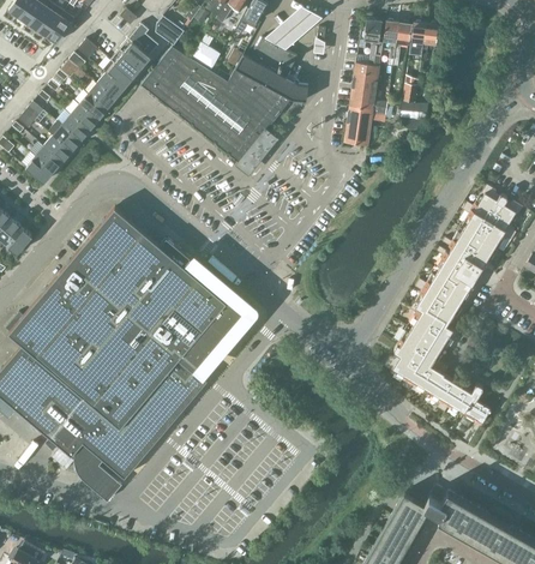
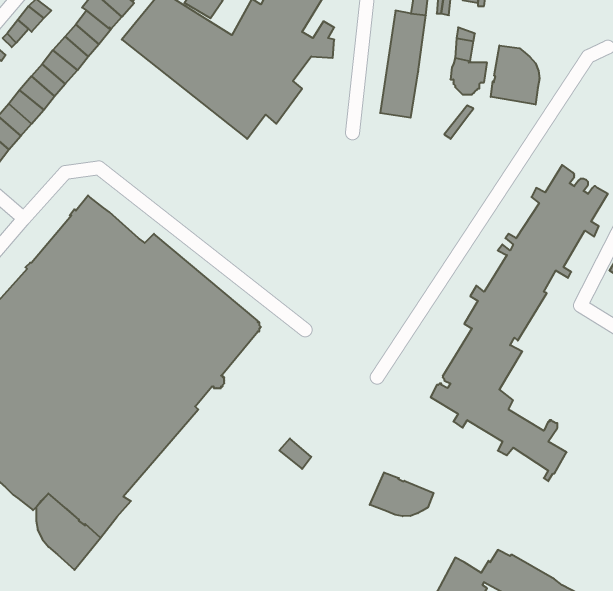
building: none -> [491,45,539,105]
building: none -> [370,472,434,516]

